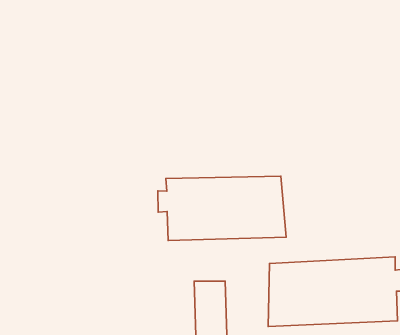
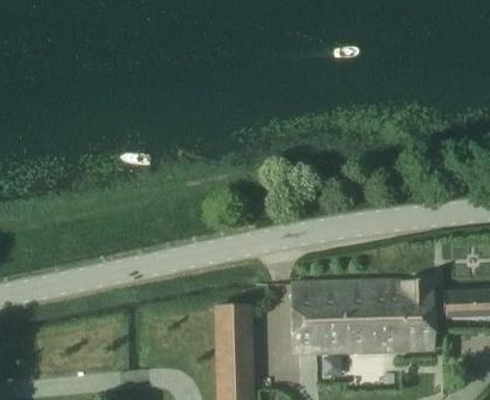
building: [158,176,286,241] -> none

